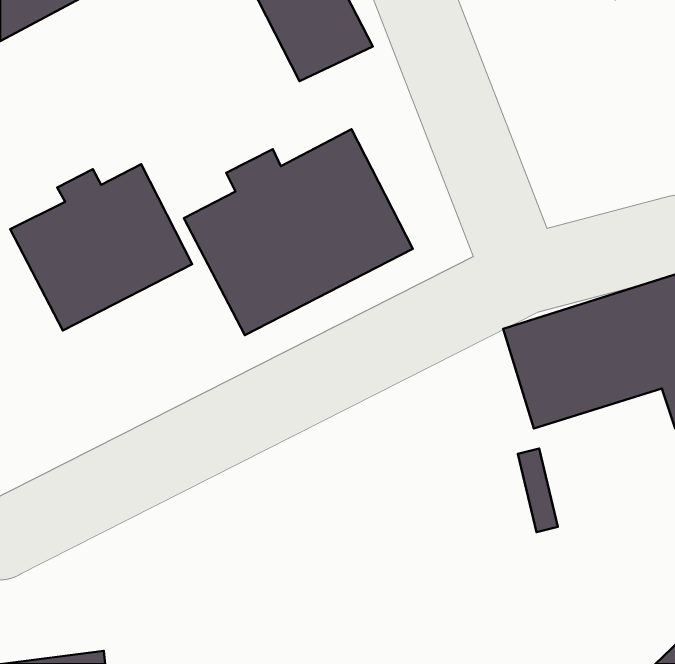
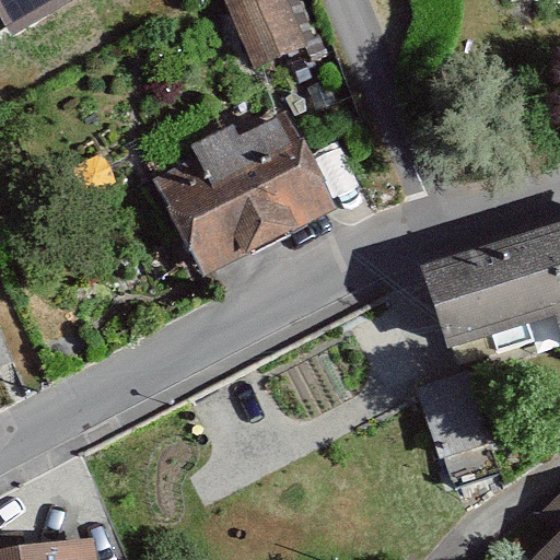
building: [10,164,192,331] -> none

